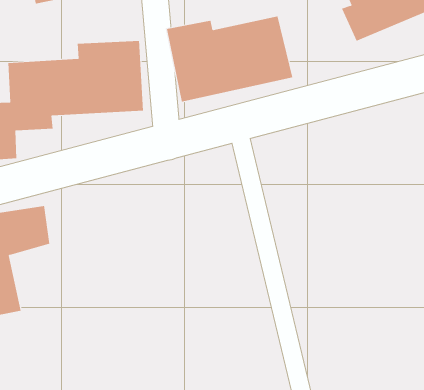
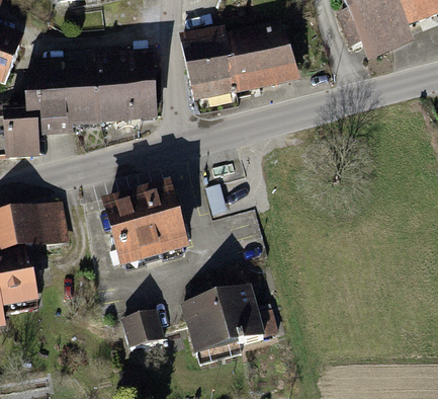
building: none -> [110,184,190,268]
building: none -> [179,283,279,355]
building: none -> [120,309,163,351]

